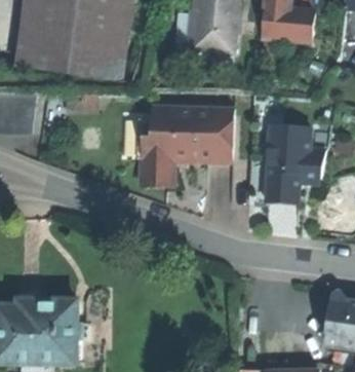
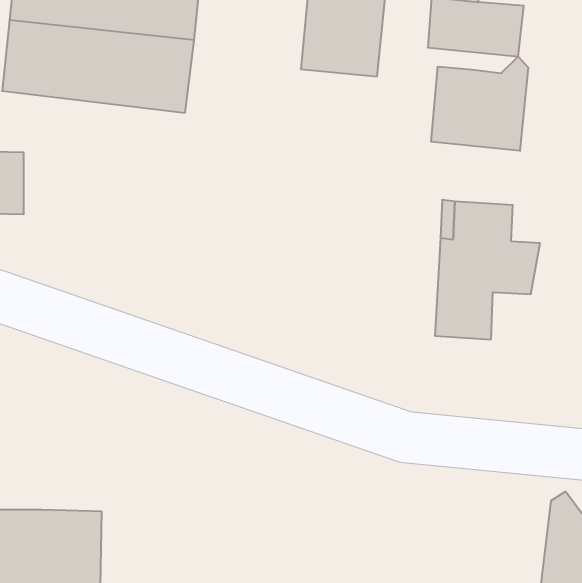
building: none -> [431,57,528,151]
building: [139,106,231,188] -> none

